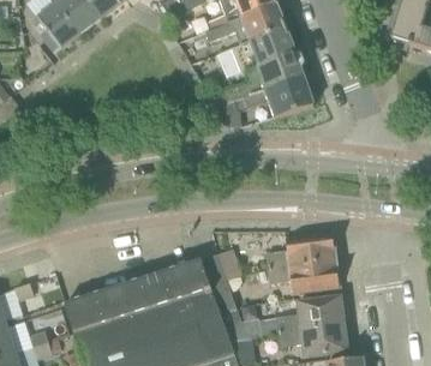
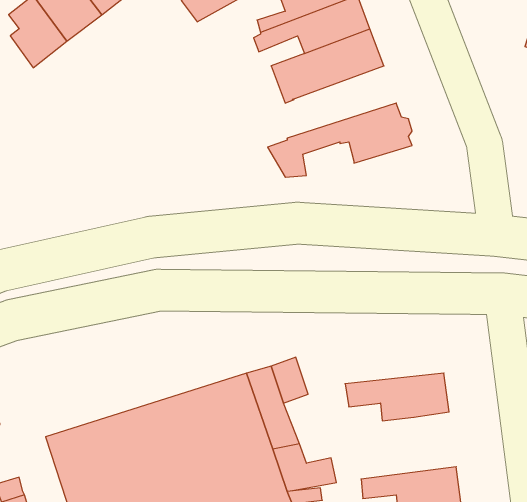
building: [225,50,303,100] -> none
building: [267,232,335,266] -> none
building: [276,295,343,331] -> none

